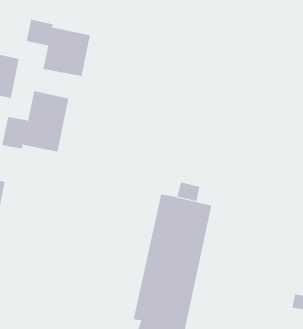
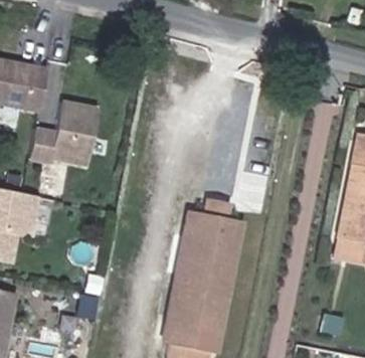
building: [26,19,90,77] -> none

